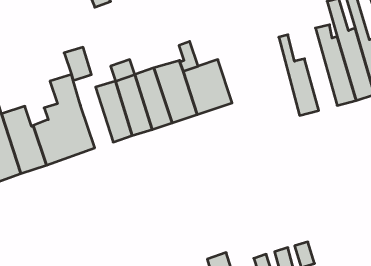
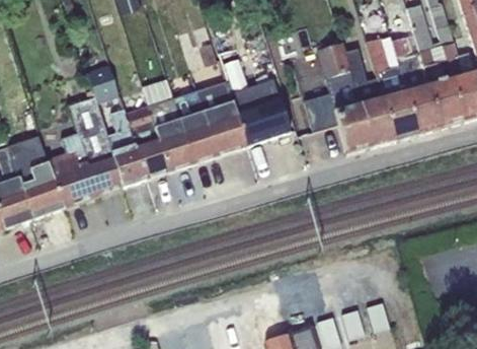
building: none -> [367,32,417,140]
building: none -> [303,41,372,153]
building: none -> [105,108,145,186]

